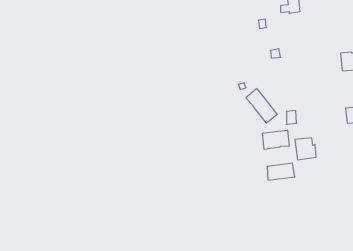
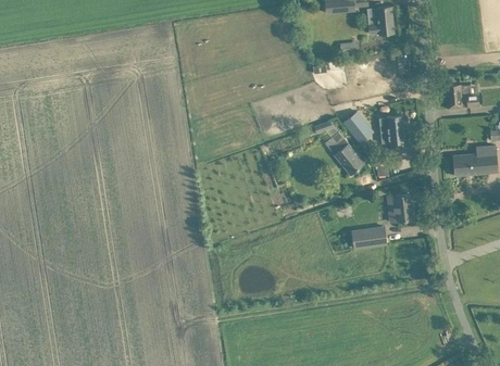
building: none -> [342,111,372,142]
building: none -> [379,115,403,142]
building: [262,130,289,149] -> none

